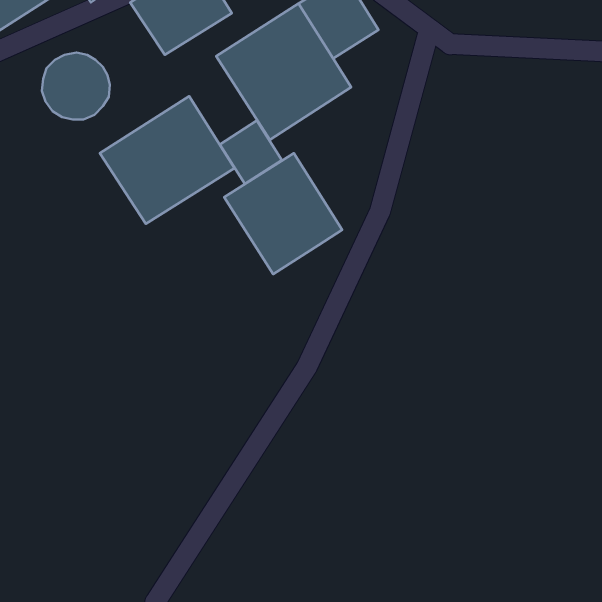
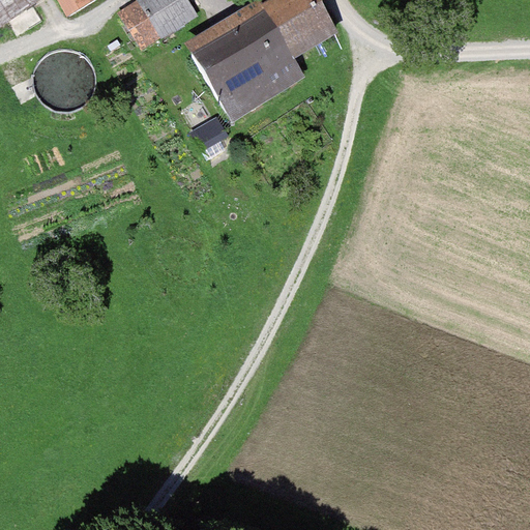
building: [100,96,235,224] -> none
building: [224,153,342,274] -> none

